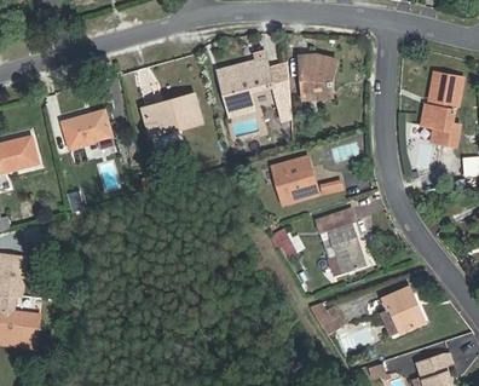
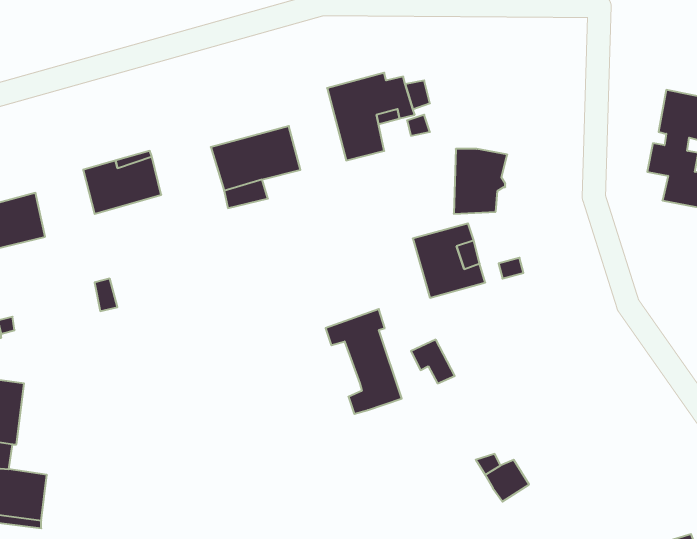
building: [300,54,334,96] -> [454,149,507,214]
building: [316,208,364,275] -> [326,309,402,414]
building: [382,286,425,332] -> none

